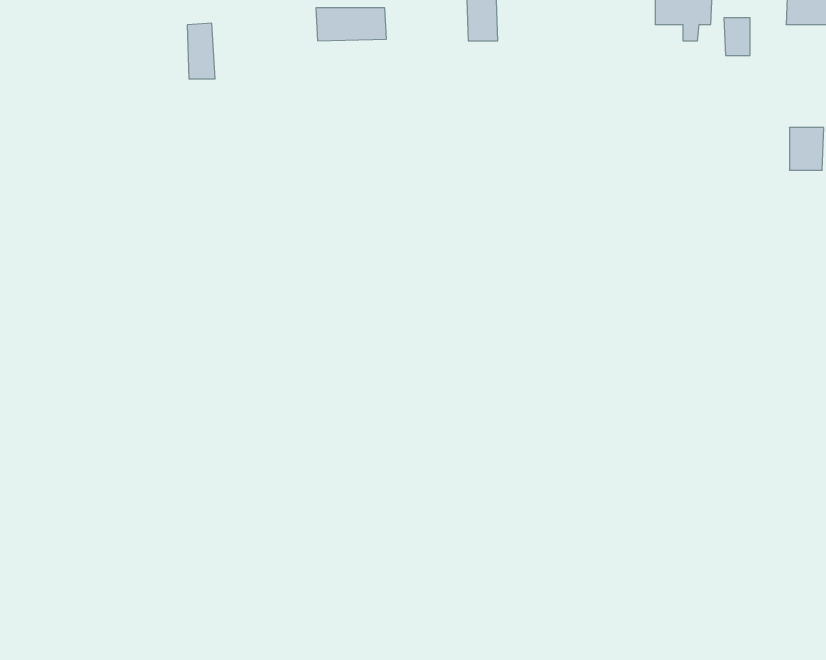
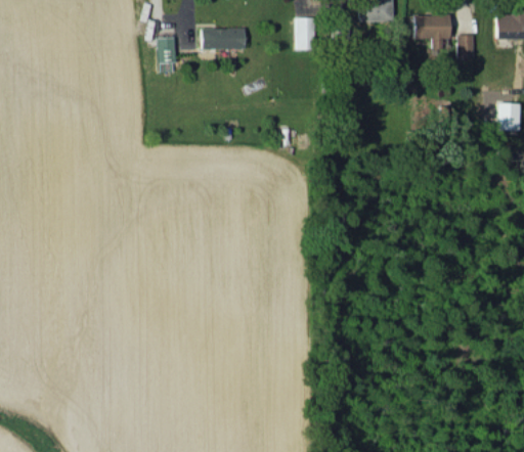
building: [187,23,215,79] -> [159,38,176,73]

